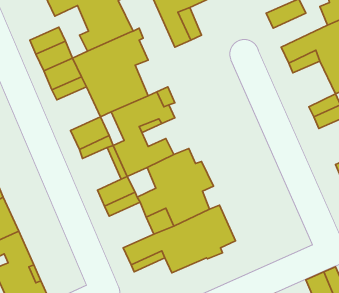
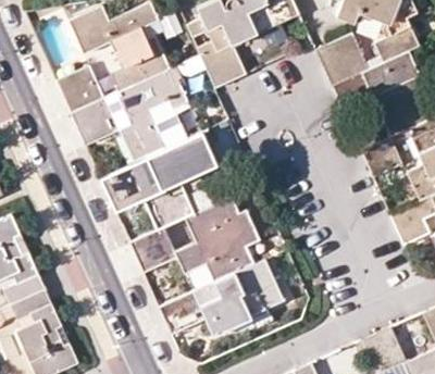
building: none -> [323,51,369,88]

